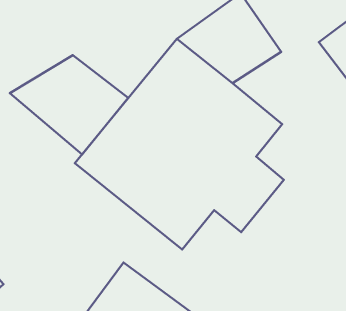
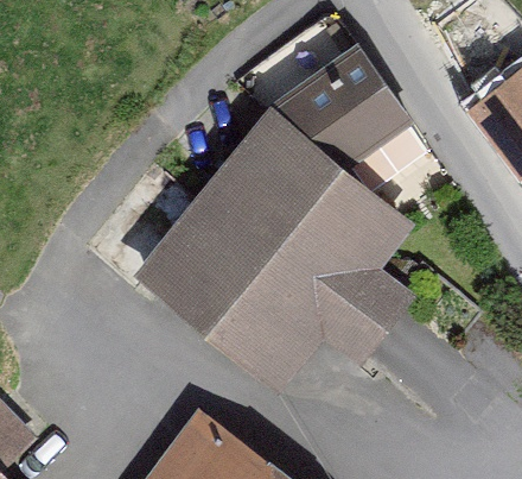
building: [10,55,128,155] -> none

